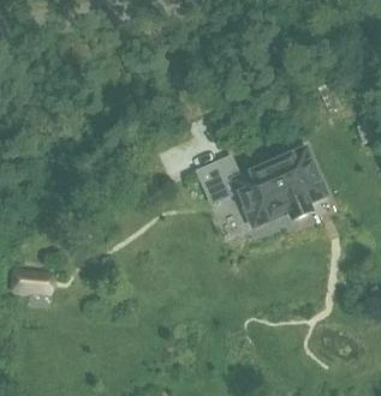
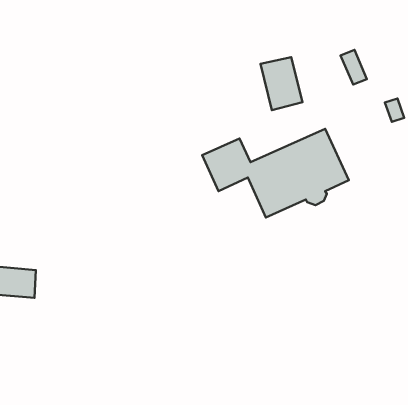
building: none -> [260,57,302,110]

